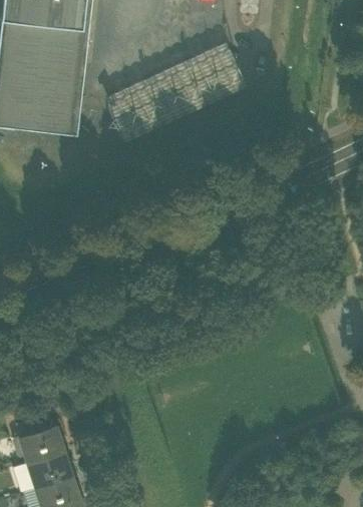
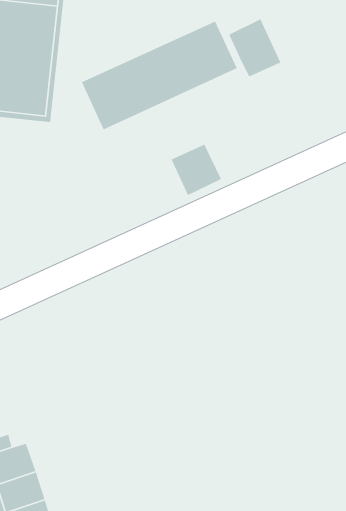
building: none -> [229,18,281,78]
building: none -> [170,144,221,196]

